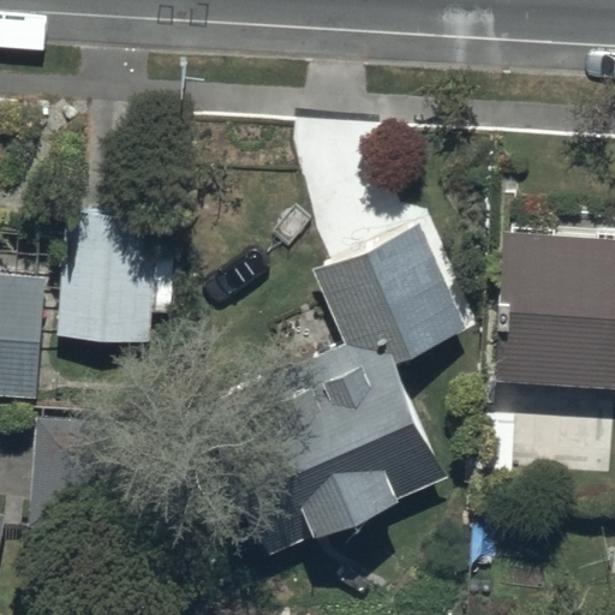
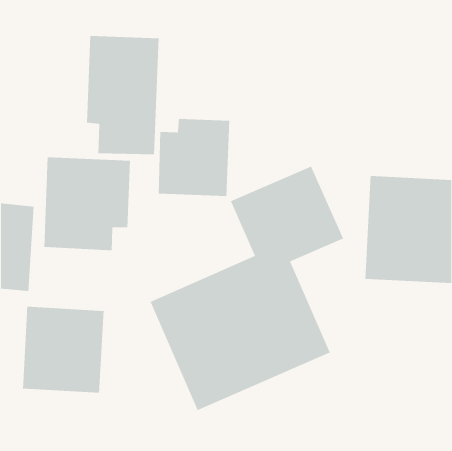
building: none -> [86,35,159,155]
building: none -> [158,118,230,197]

